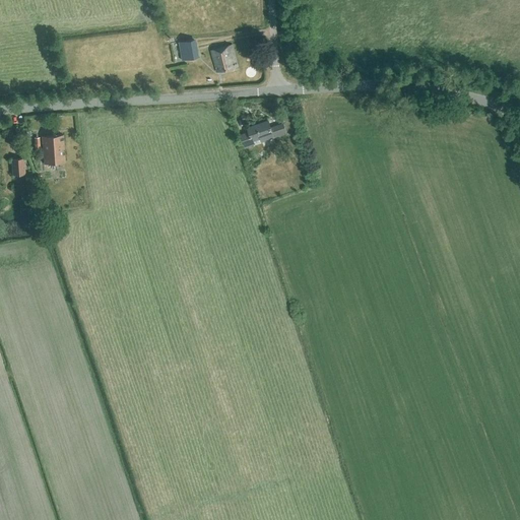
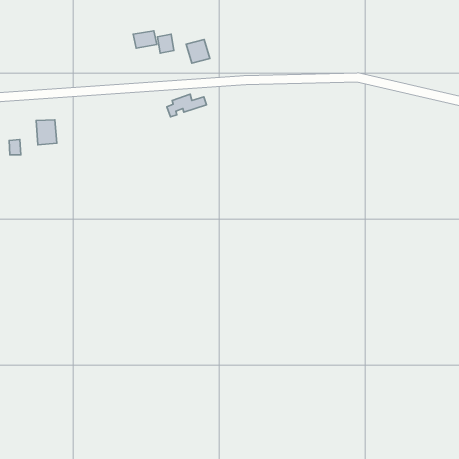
building: none -> [133,31,157,48]
building: [241,122,285,147] -> [167,94,206,117]

